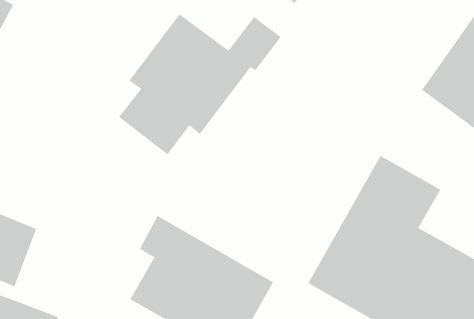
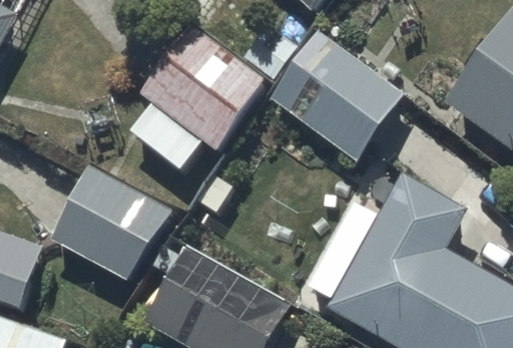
building: none -> [269,30,404,160]
building: none -> [47,164,167,282]

